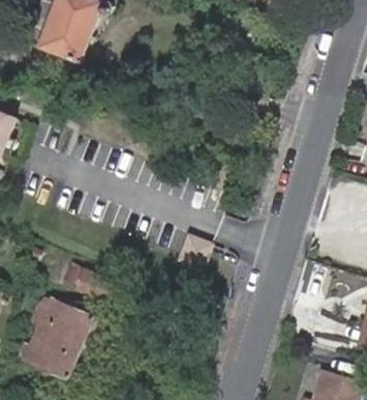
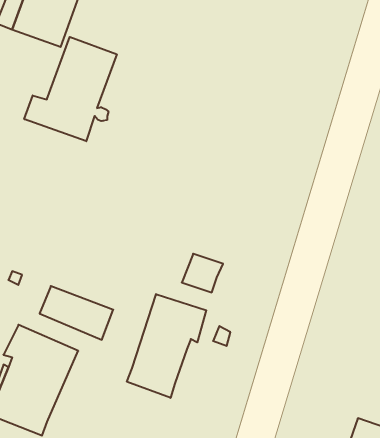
building: none -> [24,37,117,141]
building: none -> [127,294,206,398]

